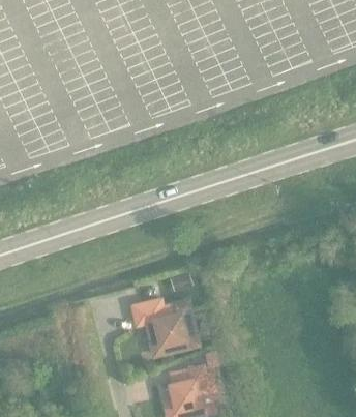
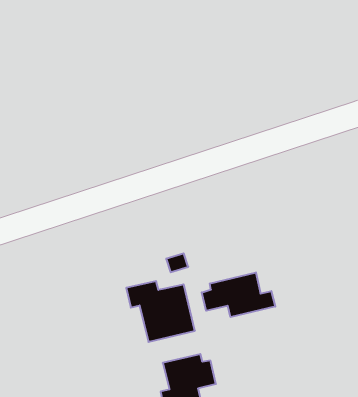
building: none -> [202,272,275,317]

